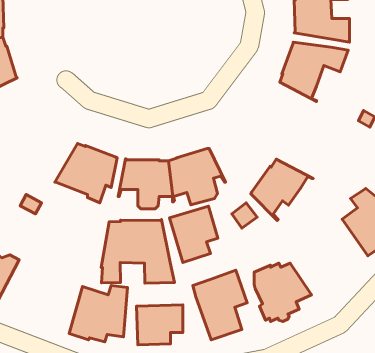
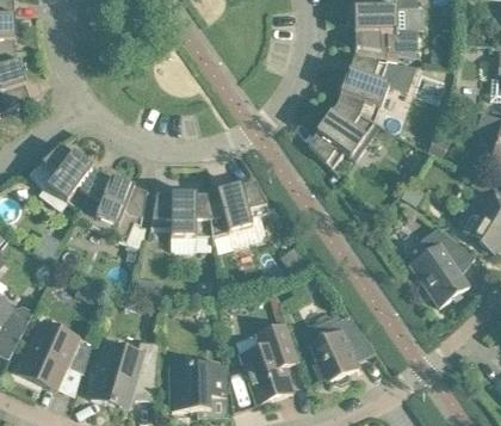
building: none -> [29,143,100,220]
building: [251,159,313,220] -> [307,103,379,174]
building: [169,206,218,263] -> none
building: [101,219,174,283] -> none
building: none -> [17,320,92,388]

